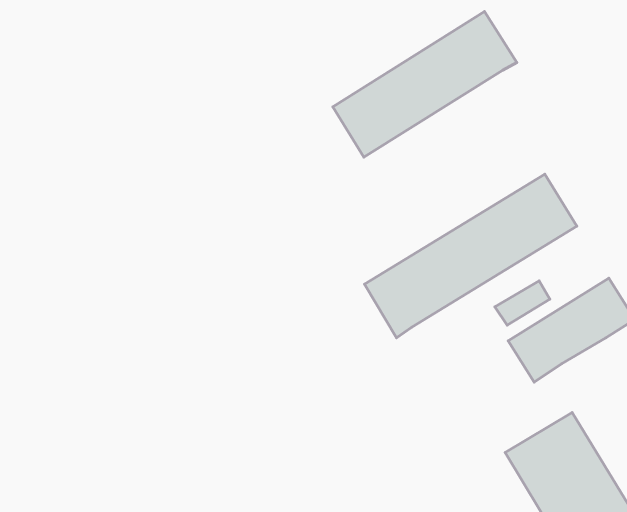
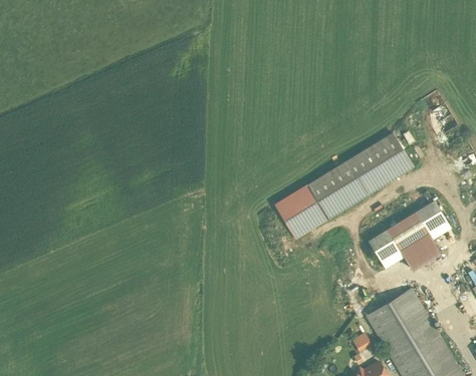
building: [333,12,517,157] -> none
building: [495,281,550,325] -> [404,240,440,269]

